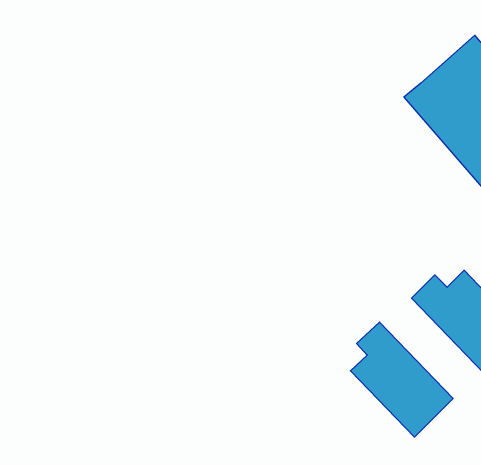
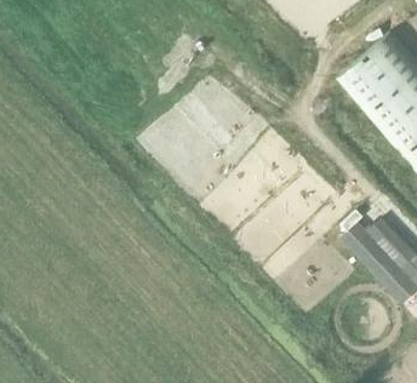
building: [350,322,453,437] -> none

